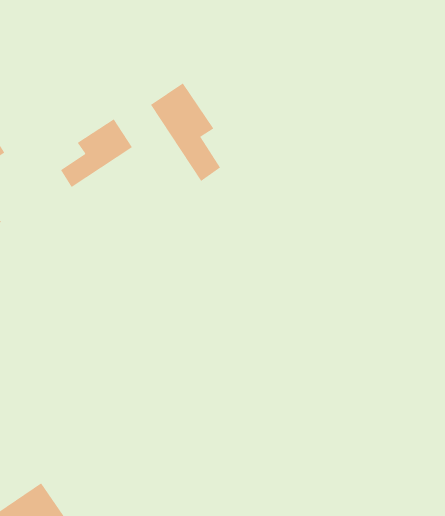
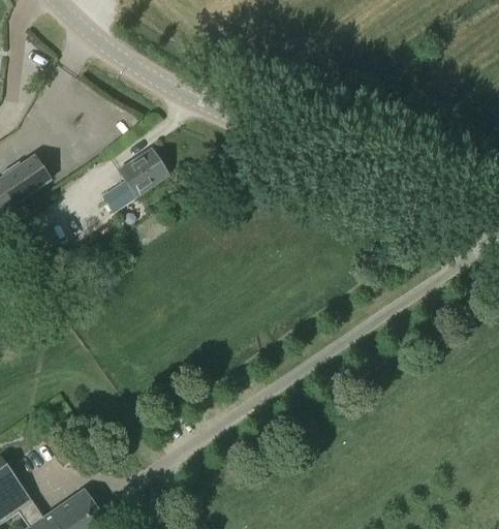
building: [150,83,221,182] -> none

